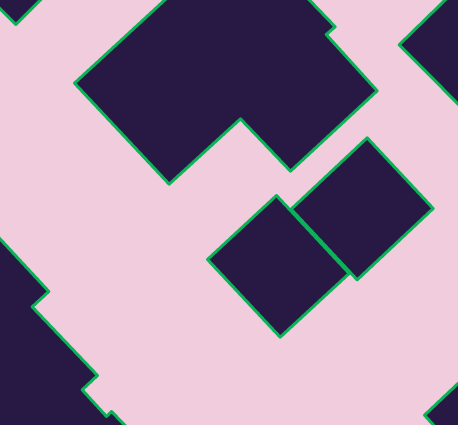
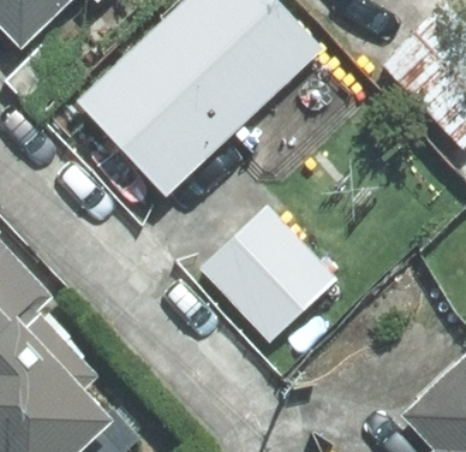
building: [291,138,433,280] -> none

